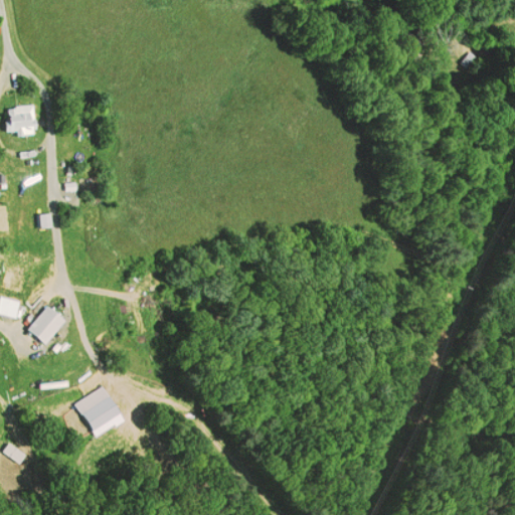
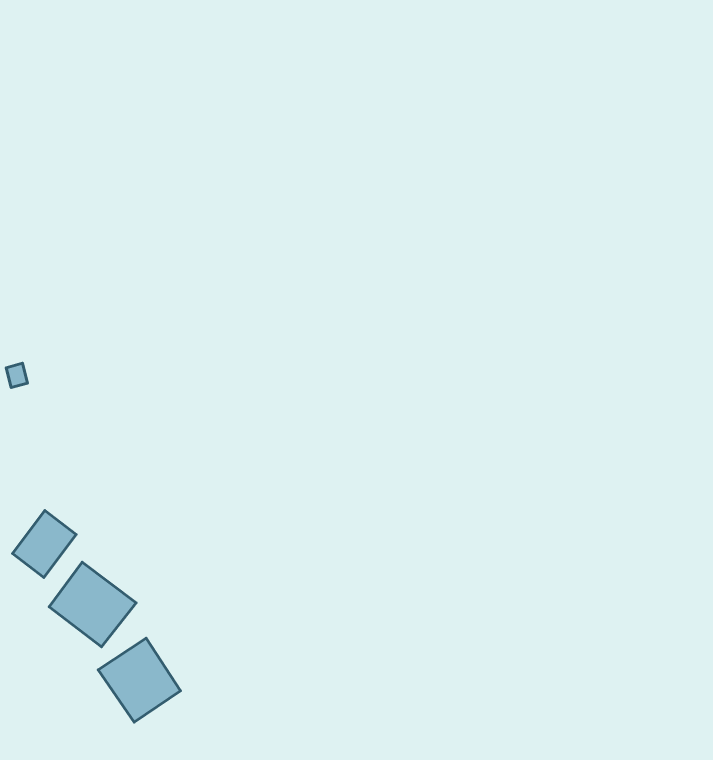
building: none -> [49,562,136,647]

